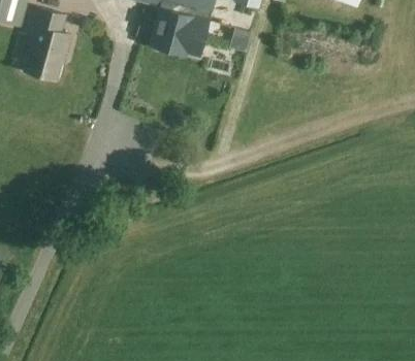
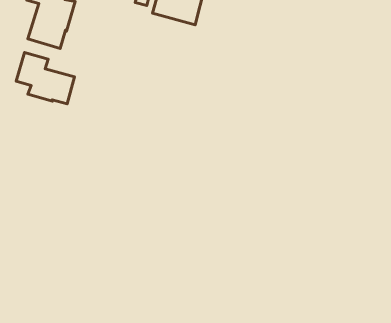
building: none -> [16,53,74,104]

